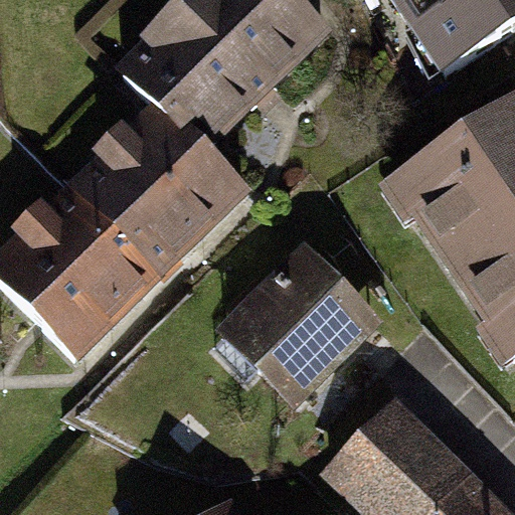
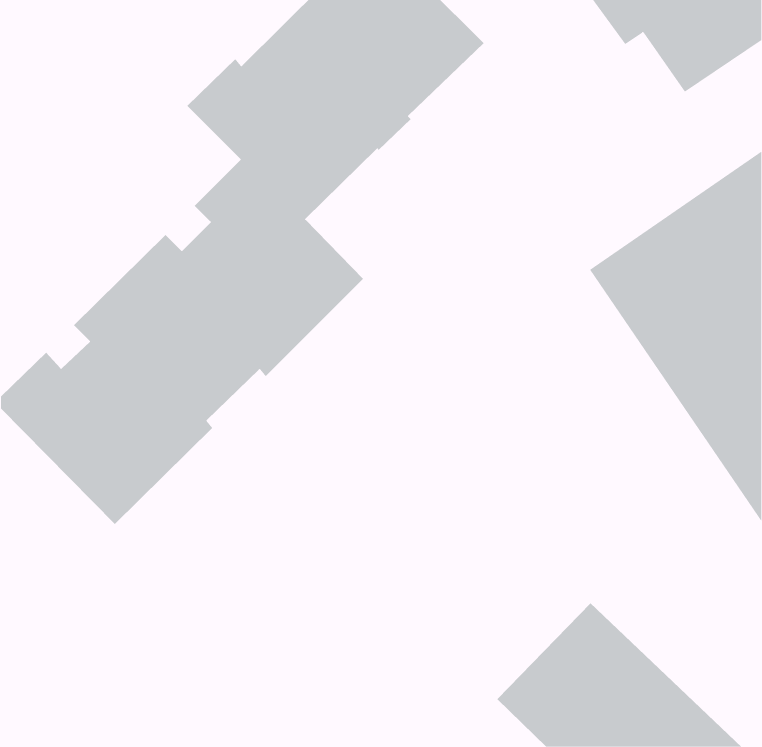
building: [219,248,364,393] -> none

